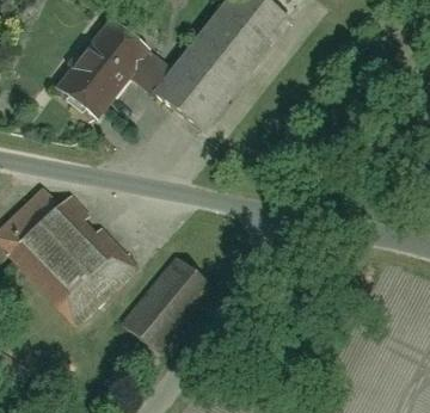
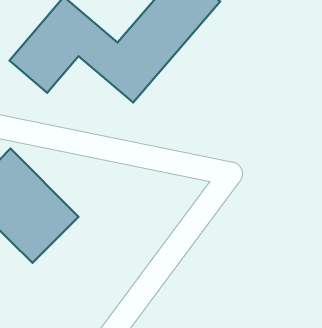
building: [125,258,203,345] -> none

